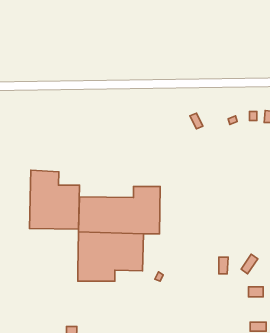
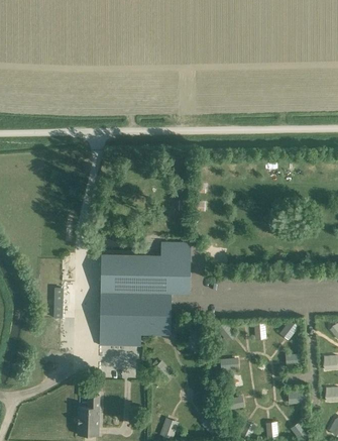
building: [29,170,80,229] -> none

